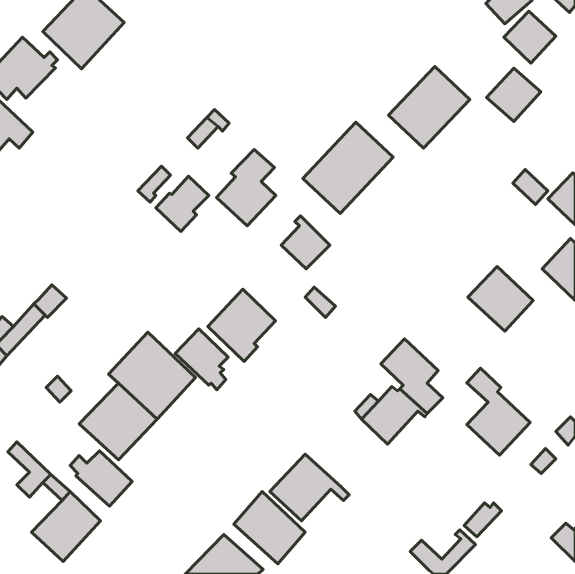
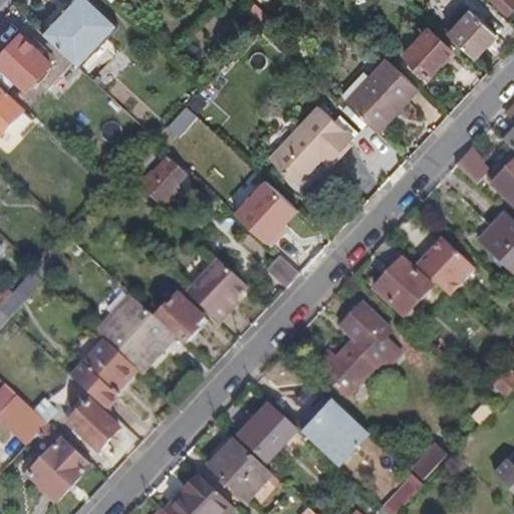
building: [487,68,541,121] -> [403,28,451,75]
building: [217,149,276,226] -> none
building: [467,368,530,455] -> [374,237,431,314]
building: none -> [303,401,368,466]

